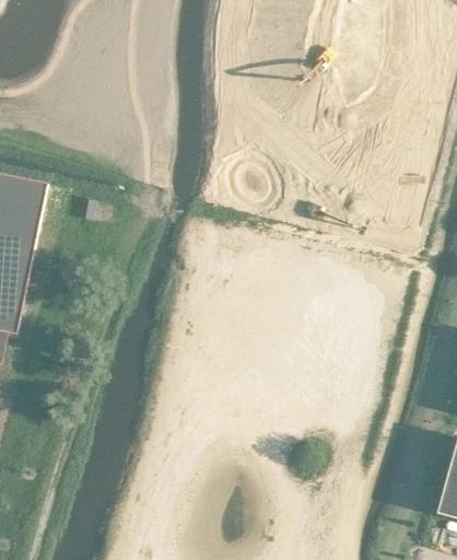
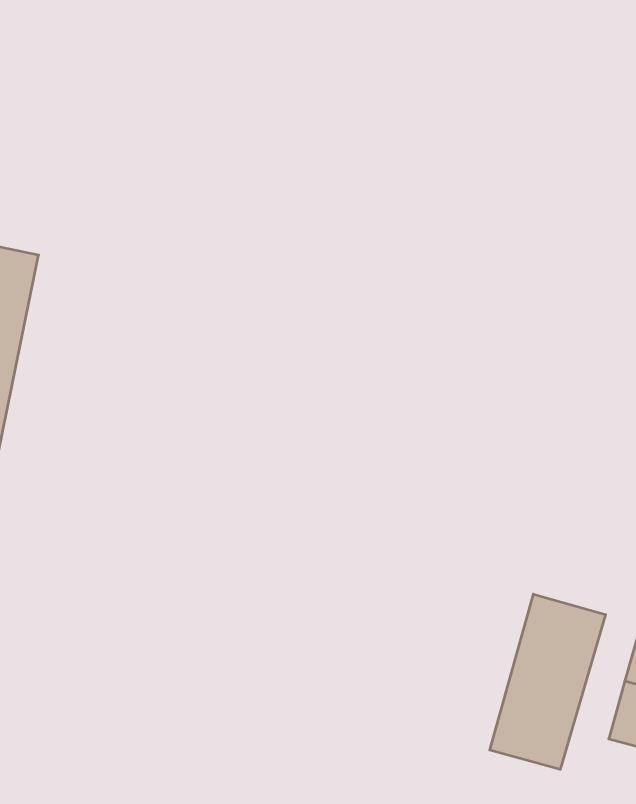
building: none -> [490,594,606,769]

